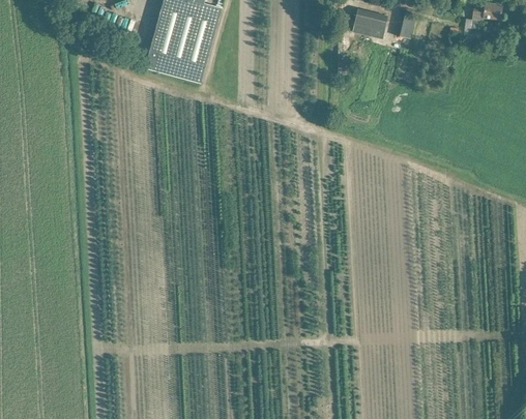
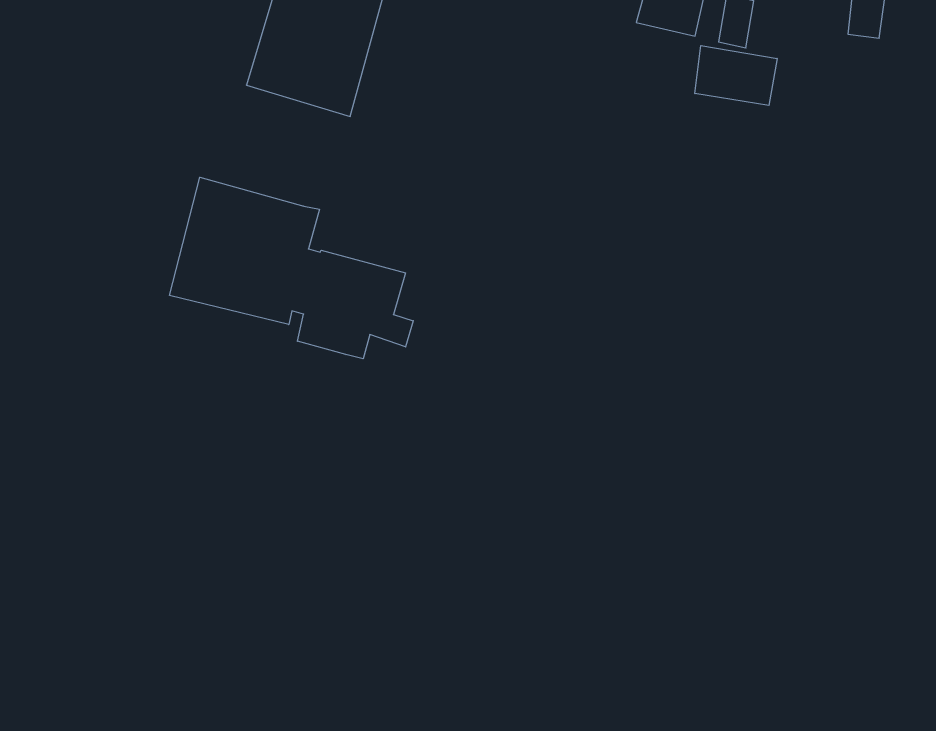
building: none -> [695,46,777,105]
building: none -> [170,177,413,359]

